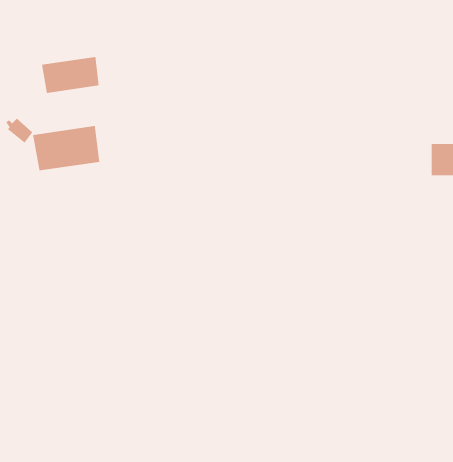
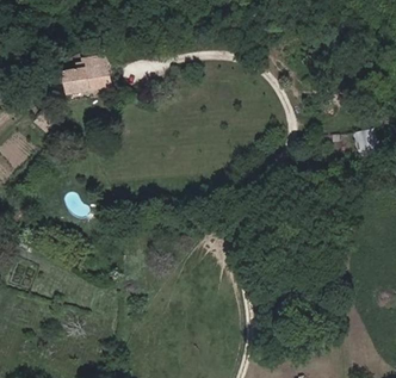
building: [32,125,100,171] -> none

